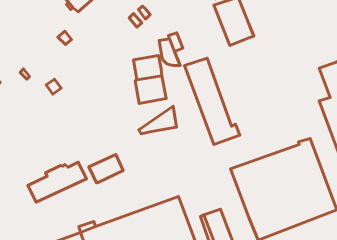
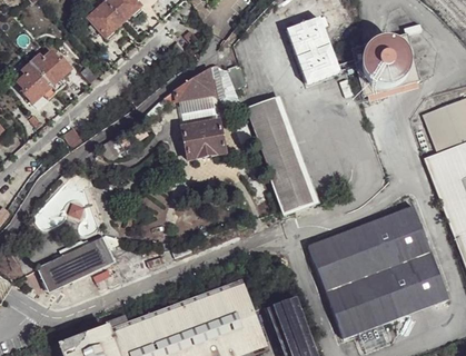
building: none -> [353,32,420,92]
building: none -> [18,52,70,103]
building: [139,106,177,134] -> [162,67,212,103]
building: [89,154,123,183] -> none

